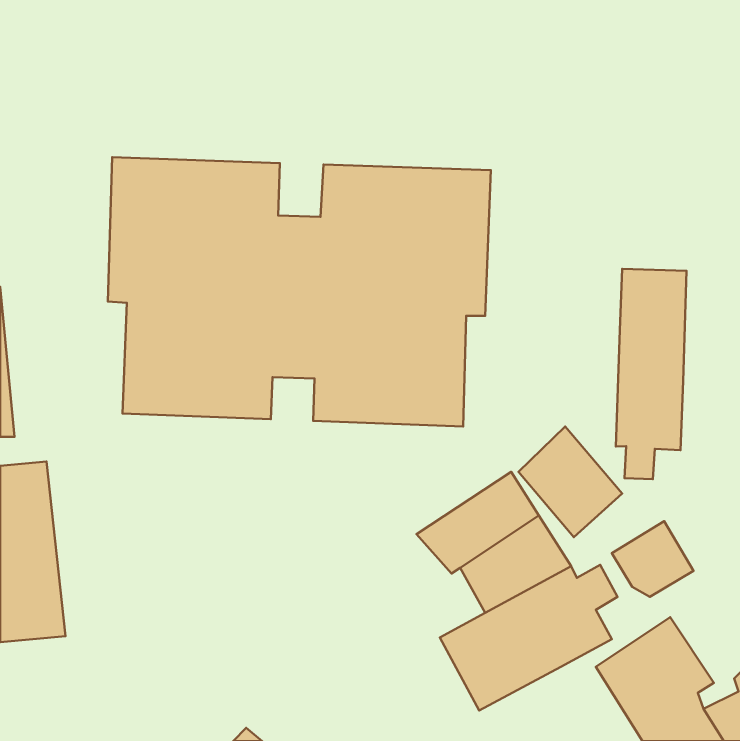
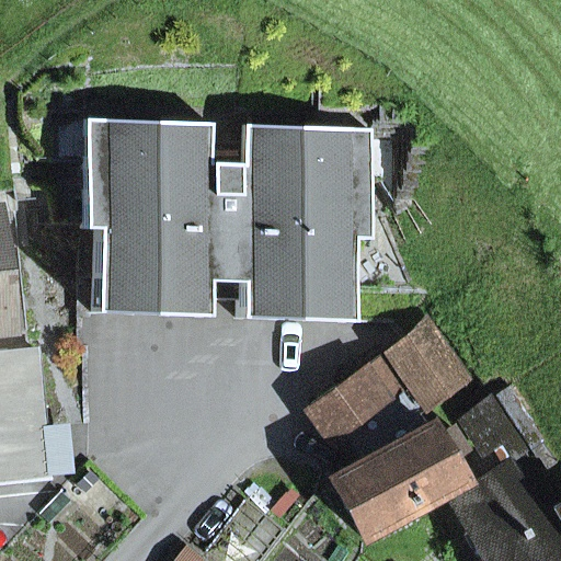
building: [616,269,687,479] -> none

